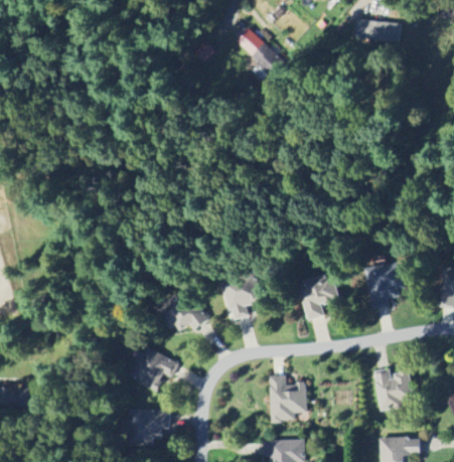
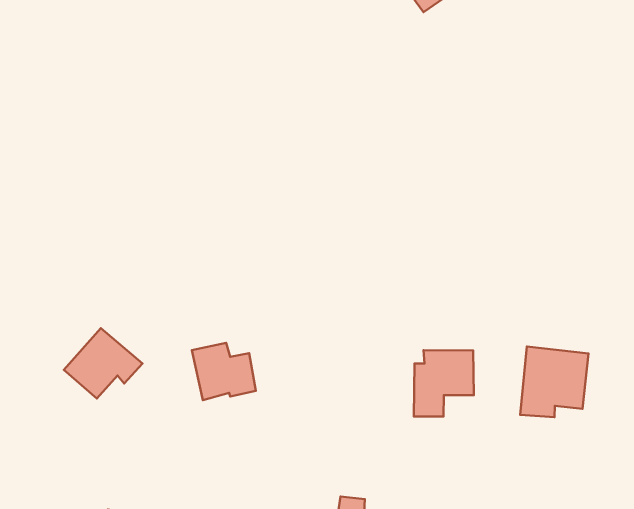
building: [223,279,260,320] -> none
building: [133,347,180,391] -> [64,328,143,399]

